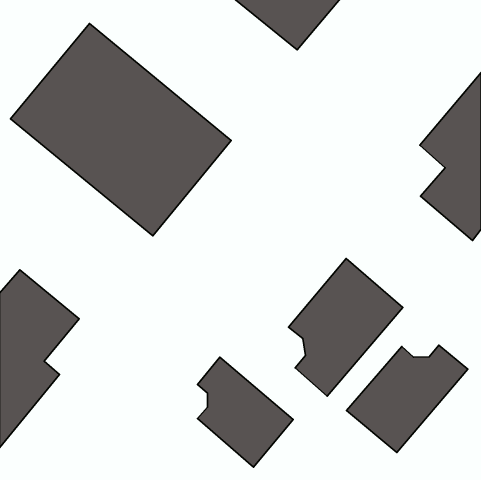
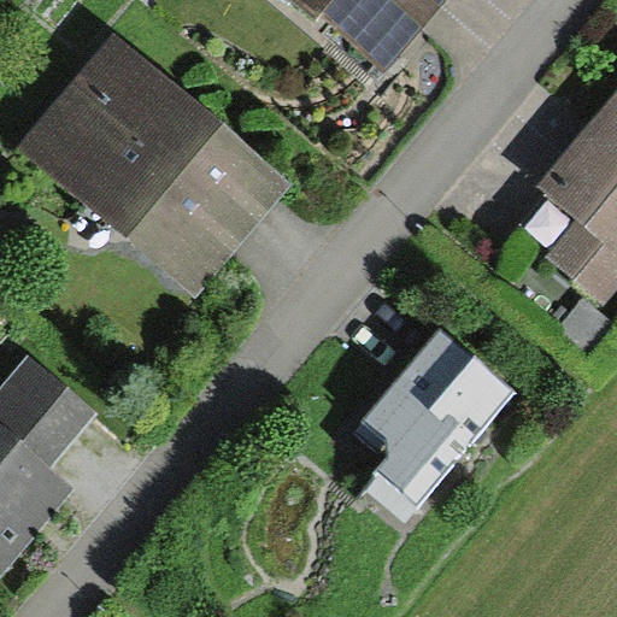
building: [346,345,468,453] -> none
building: [197,357,293,467] -> none

